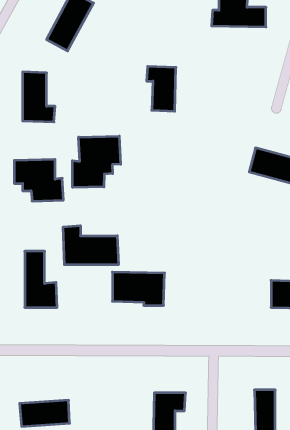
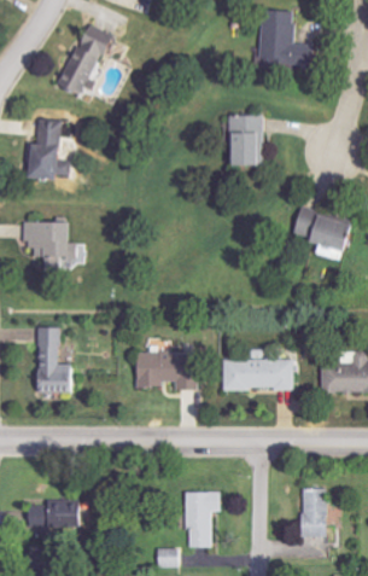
building: [147,66,176,111] -> [227,114,261,165]
building: [72,136,121,187] -> none
building: [63,226,118,265] -> none
building: none -> [221,359,291,390]

